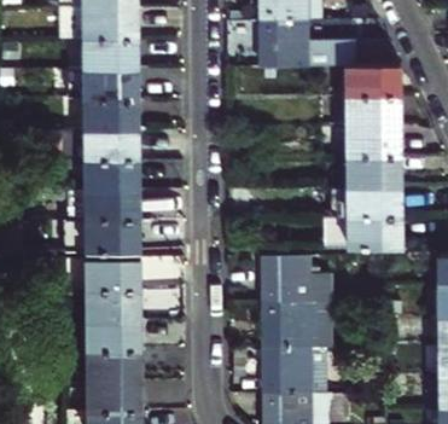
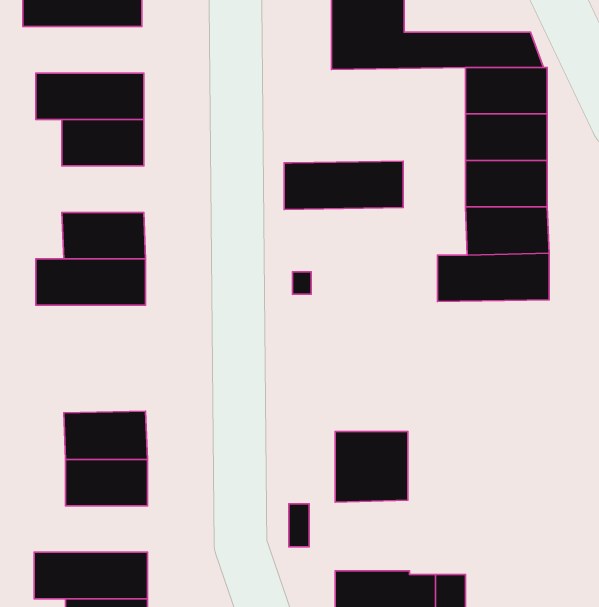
building: [85,39,139,69] -> none
building: [62,129,139,159] -> none
building: [325,216,402,248] -> [284,161,403,209]
building: [65,220,140,251] -> none
building: [262,256,331,302] -> none
building: [87,260,140,290] -> none
building: [263,347,326,393] -> none
building: [88,350,141,381] -> none

